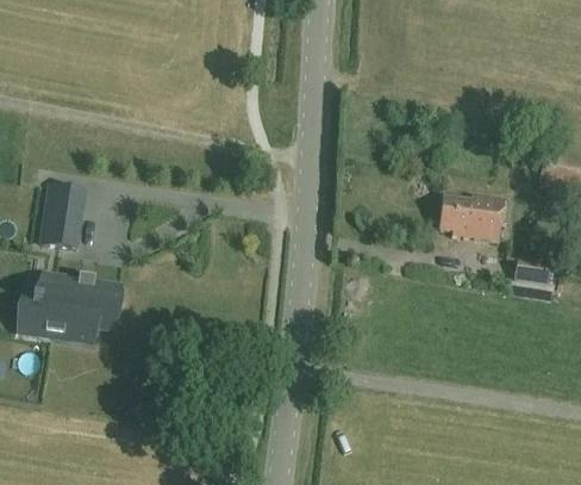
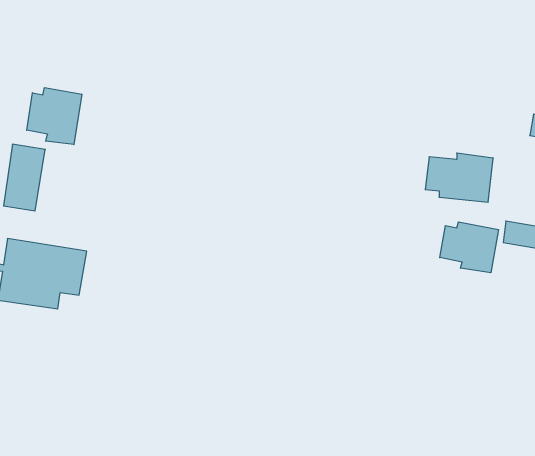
building: none -> [27,88,82,145]
building: none -> [440,222,498,273]

